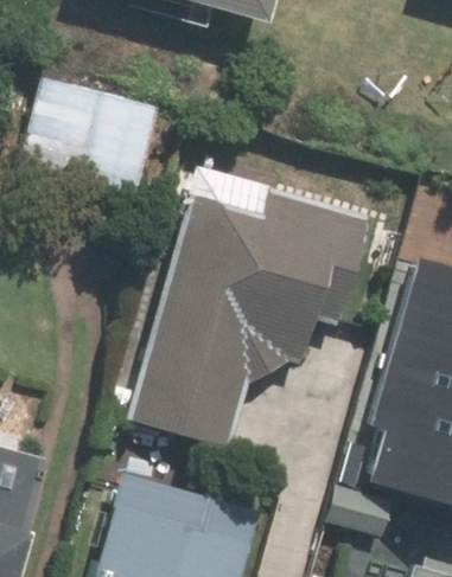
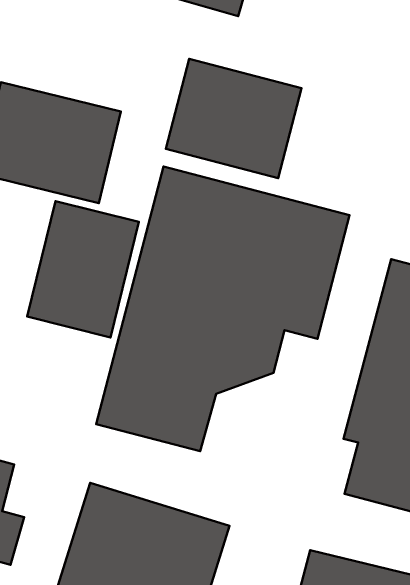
building: none -> [166,59,302,178]
building: none -> [27,201,139,337]

